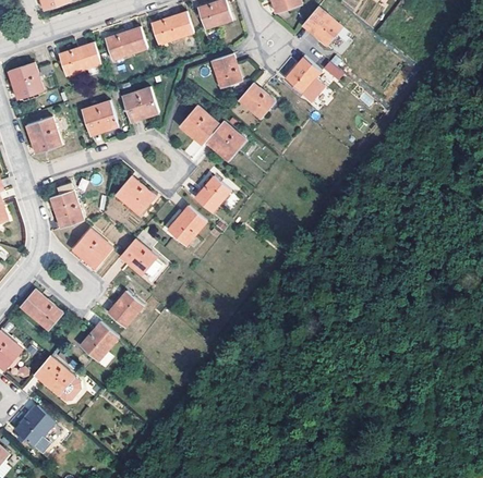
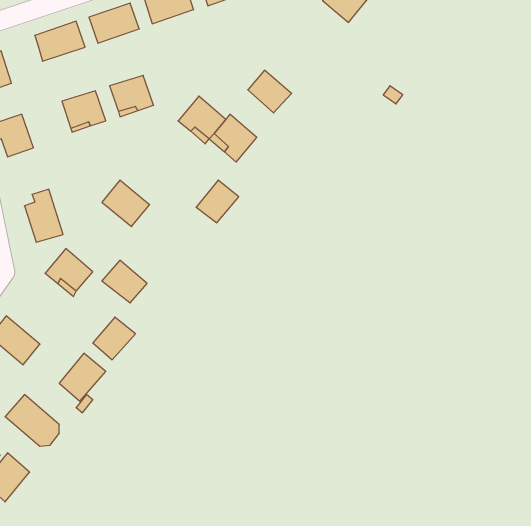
building: [285,56,322,93] -> none
building: [209,57,240,91] -> none
building: [168,205,207,245] -> none

